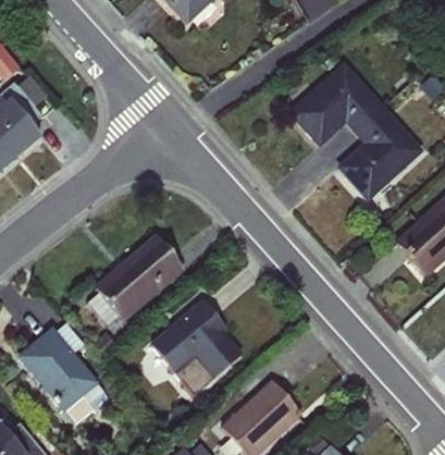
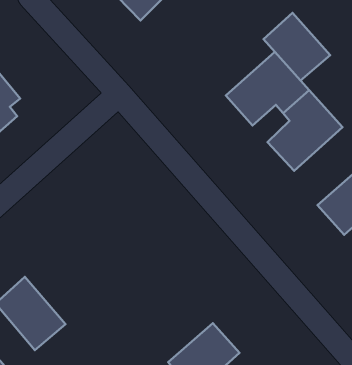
building: none -> [264,13,330,80]
building: [86,235,186,327] -> none
building: [149,299,244,396] -> none

